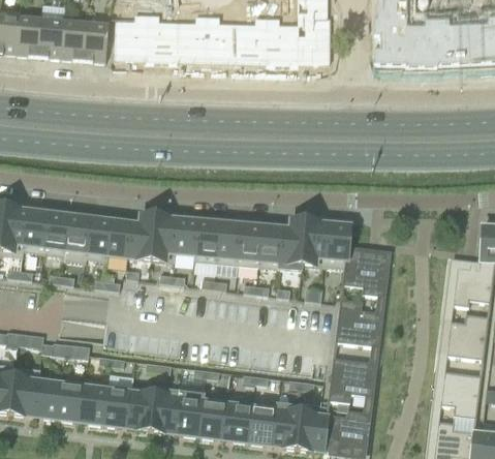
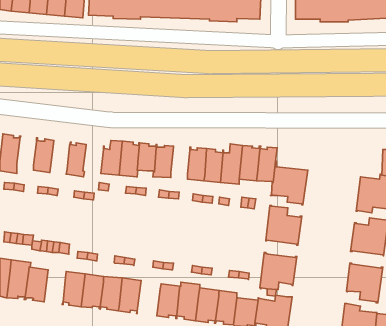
building: [24,211,49,253] -> none
building: [64,216,91,263] -> none
building: [106,221,132,257] -> none
building: [217,223,241,265] -> none
building: [58,378,86,422] -> none
building: [175,386,206,436] -> none

